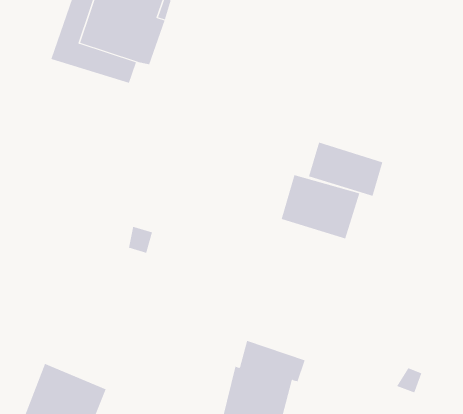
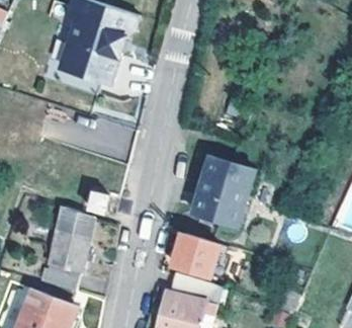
building: [308,142,383,197] -> [191,186,244,225]
building: none -> [47,209,94,294]
building: none -> [171,230,221,278]

